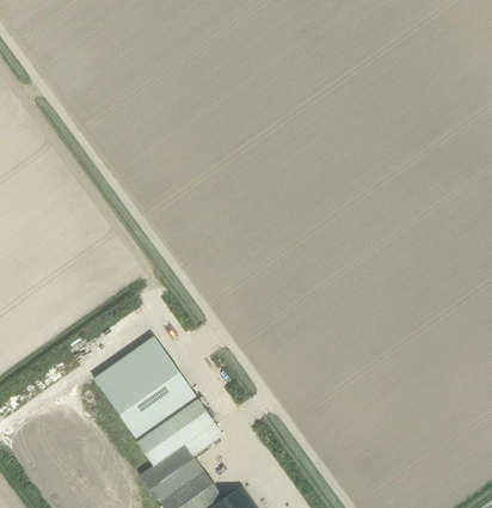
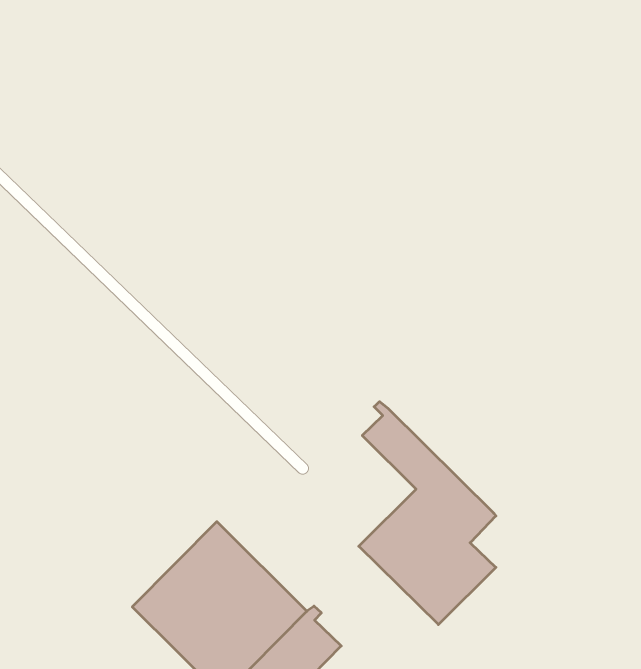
building: none -> [359,402,496,625]

